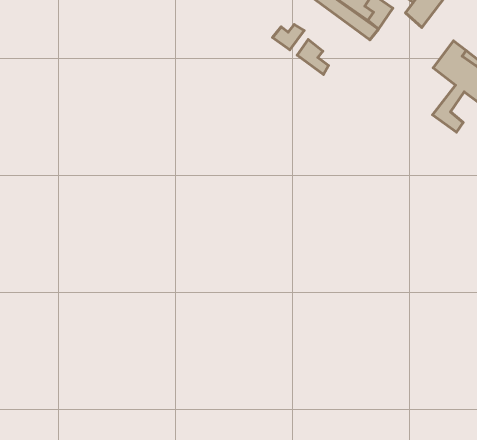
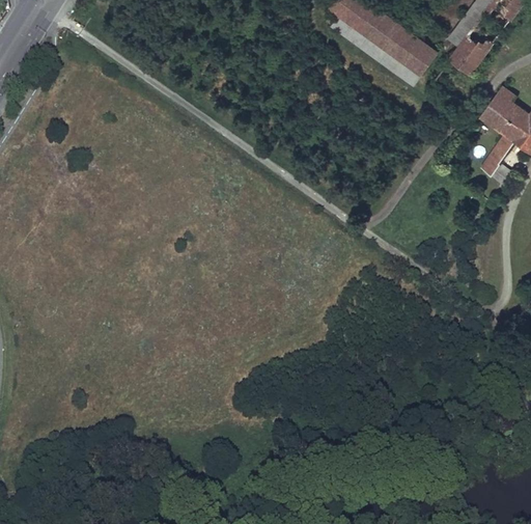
building: [273,25,304,50] -> none
building: [297,40,329,75] -> none

